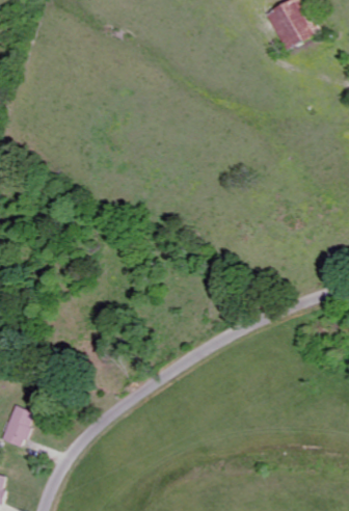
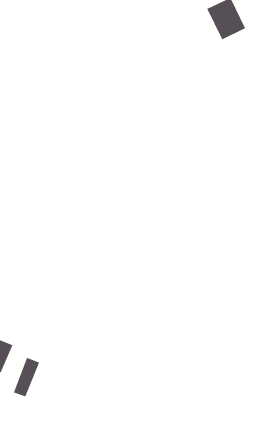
building: none -> [13,357,40,398]

